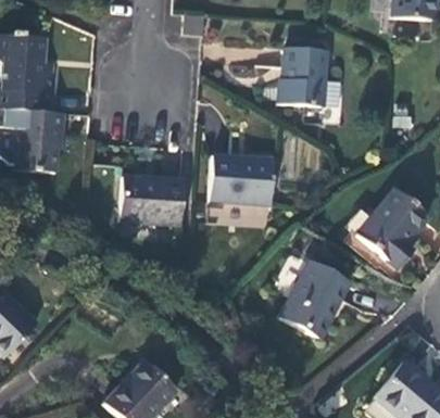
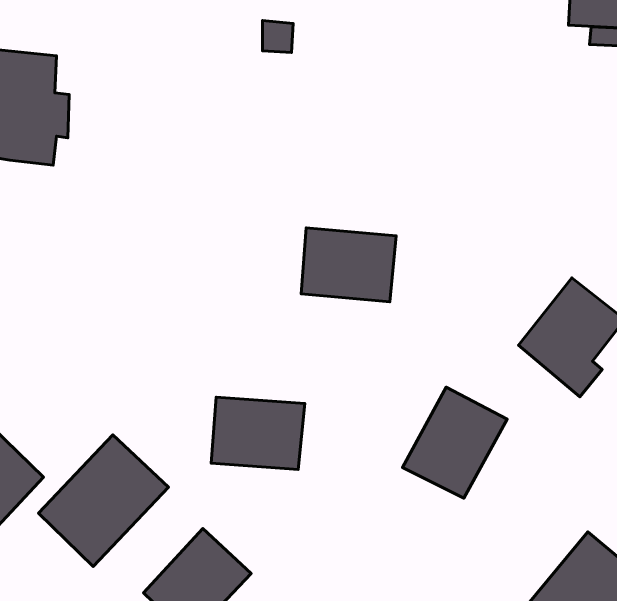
building: [282,48,327,105] -> none
building: [14,109,65,173] -> none
building: [121,176,184,225] -> [211,397,305,470]
building: none -> [39,435,169,566]

